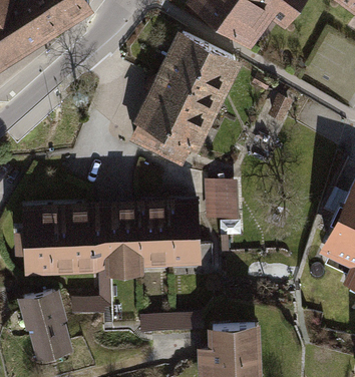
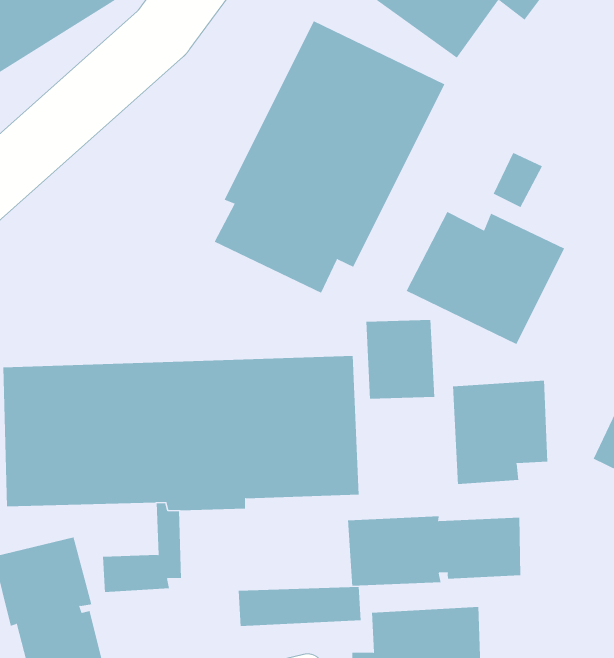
building: none -> [406,211,565,345]
building: none -> [452,380,548,485]
building: none -> [347,516,521,586]

